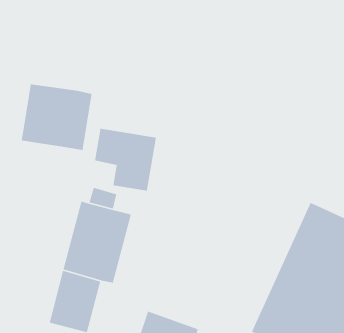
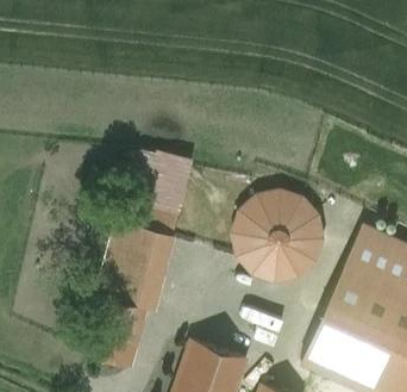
building: [21,84,93,151] -> none
building: none -> [233,187,336,276]

